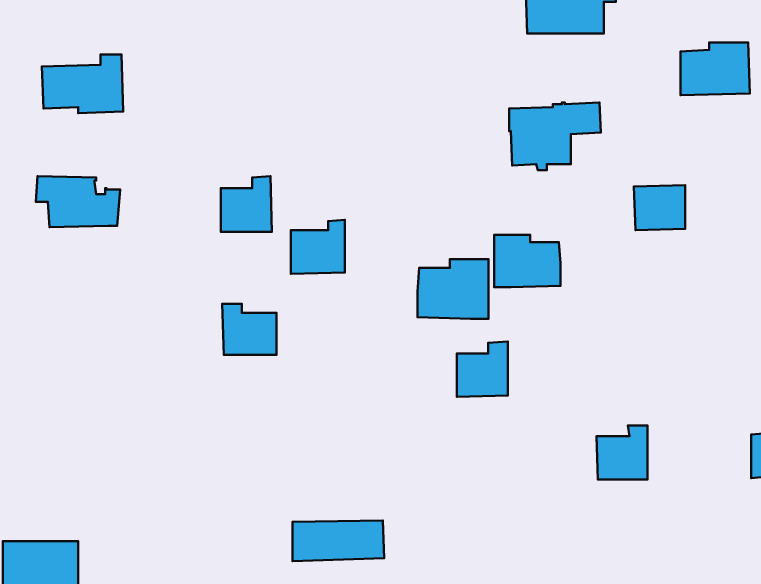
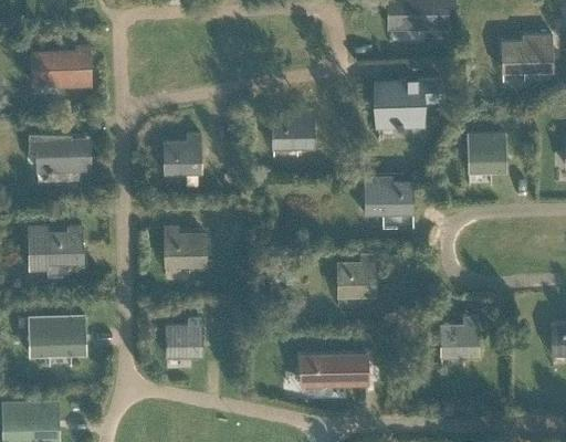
building: [291,220,345,274] -> [273,110,313,150]
building: [418,259,489,319] -> none
building: none -> [28,228,83,272]
building: none -> [29,317,86,358]
building: none -> [166,319,202,358]
building: [293,520,384,561] -> [301,357,368,387]

